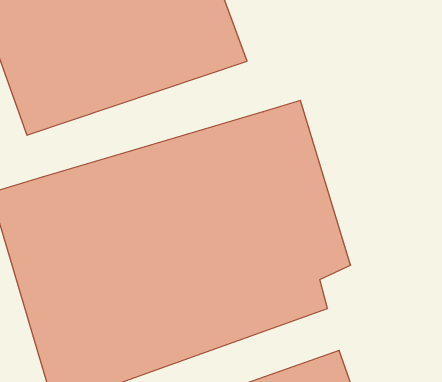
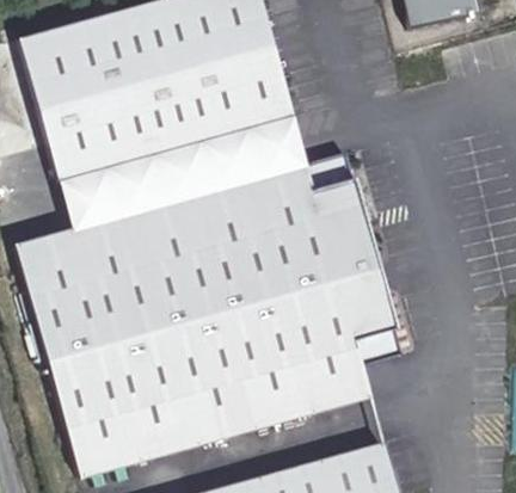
building: none -> [64,128,317,236]

